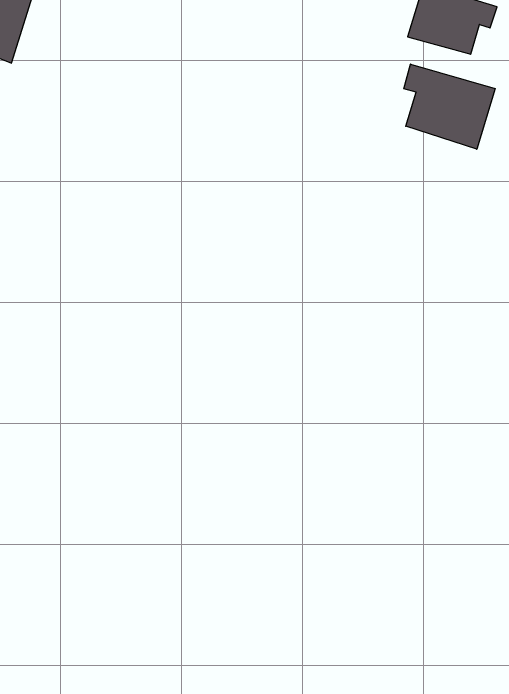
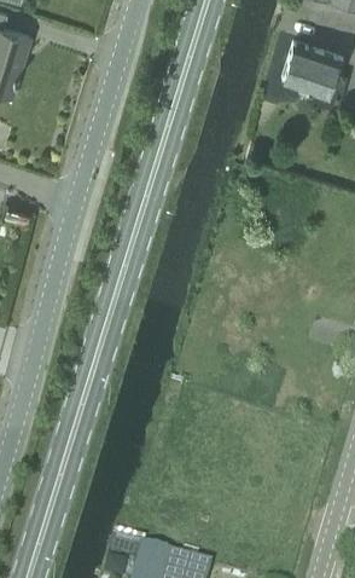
building: [404,64,495,149] -> none

